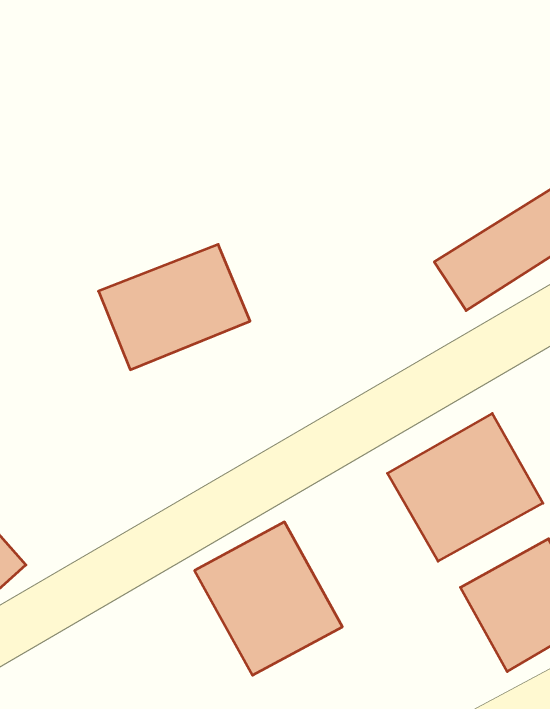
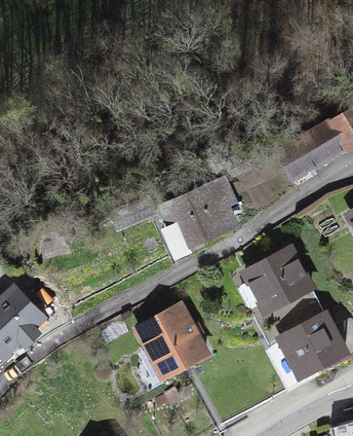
building: [98,244,250,370] -> [172,177,256,246]

